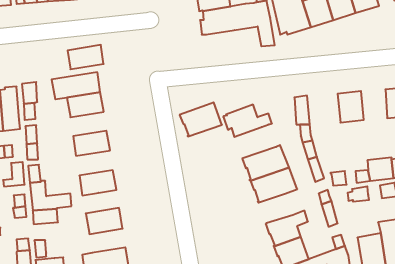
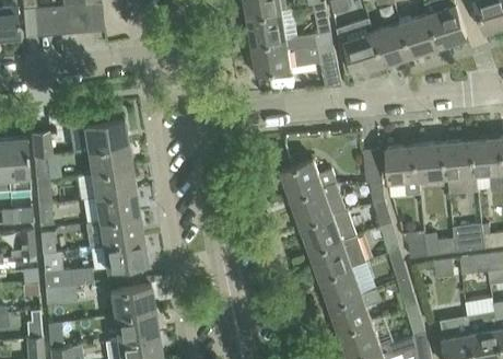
building: [68,45,104,69] -> [92,169,136,198]
building: none -> [445,141,479,195]
building: none -> [387,147,421,196]
building: [180,102,222,136] -> [291,184,342,225]
building: none -> [98,216,143,246]
building: none -> [320,268,362,304]
building: none -> [115,311,159,340]

